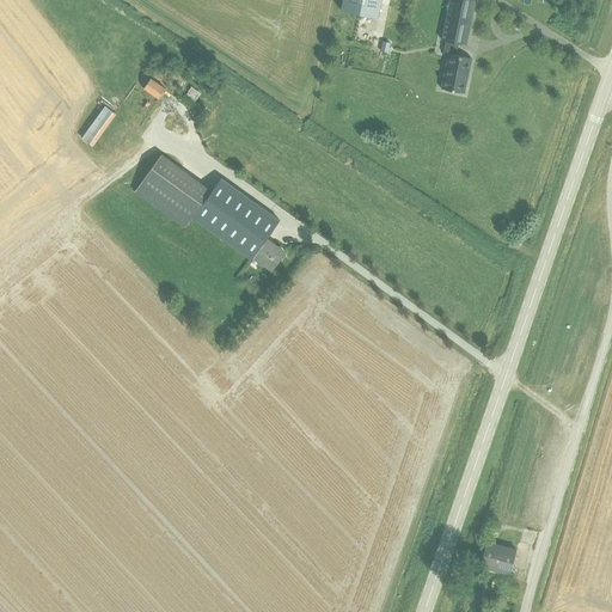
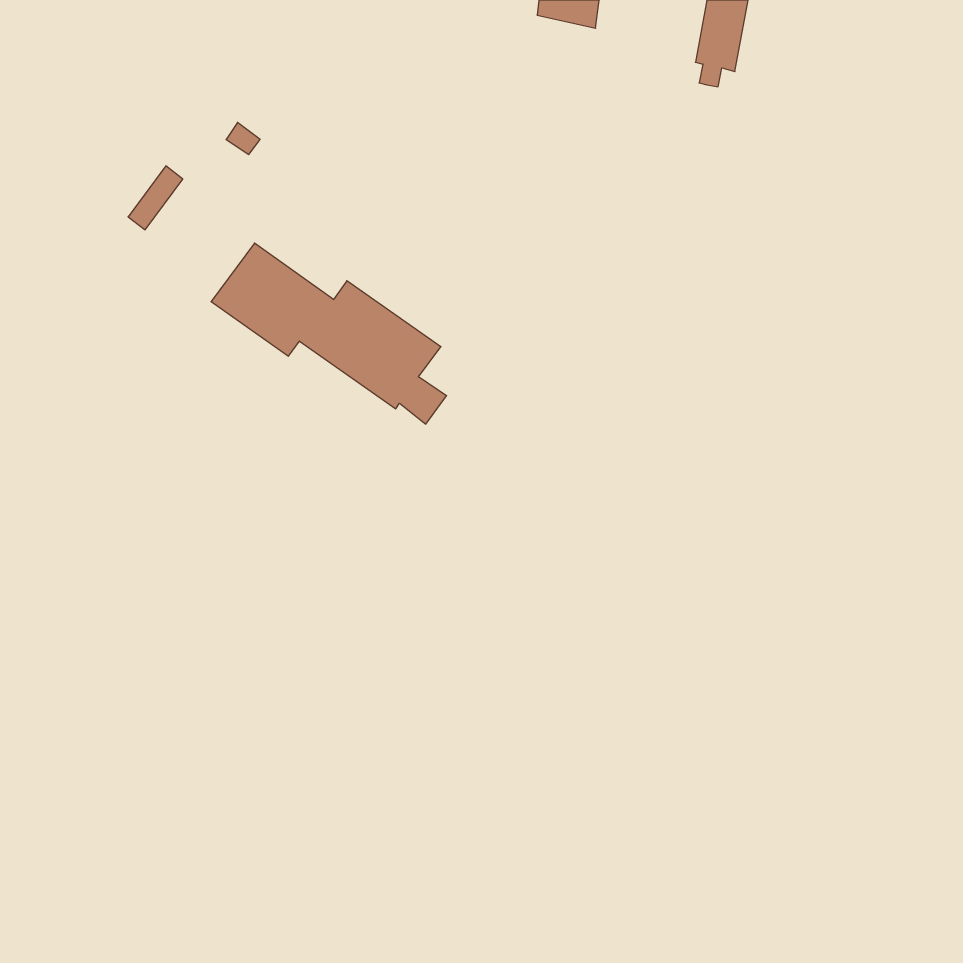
building: [441,54,471,93] -> none
building: [479,541,516,575] -> none

